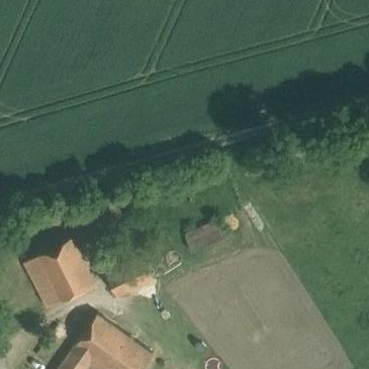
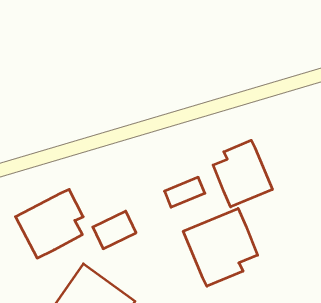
building: none -> [213,140,272,207]
building: none -> [183,208,258,286]

